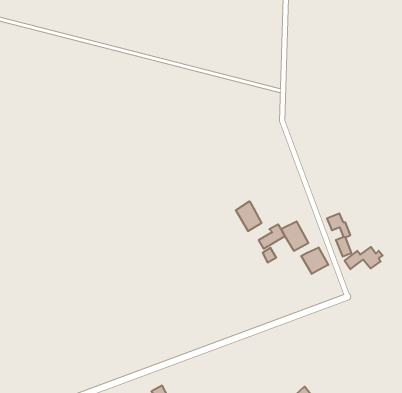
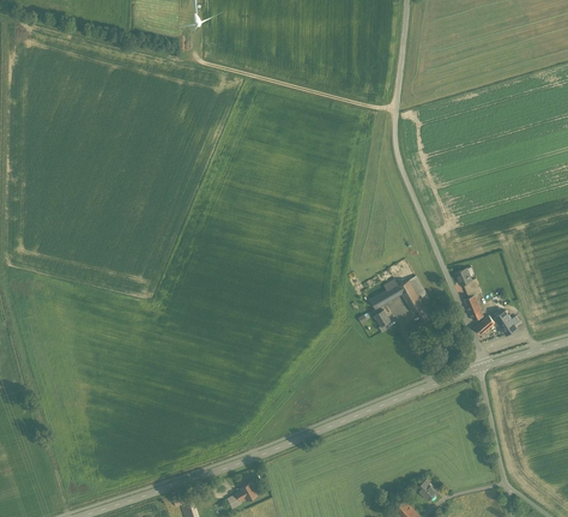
building: [236,201,261,231] -> none
building: [301,247,328,274] -> none

